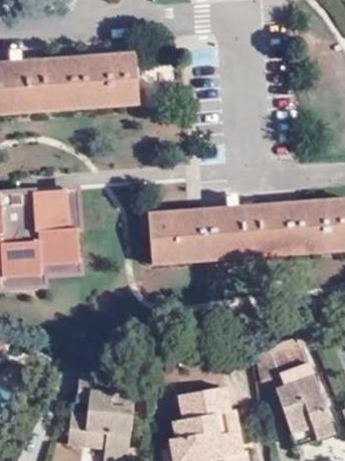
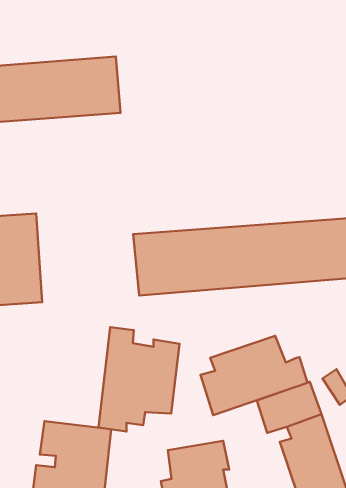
building: none -> [99,327,179,431]
building: none -> [201,336,307,415]

